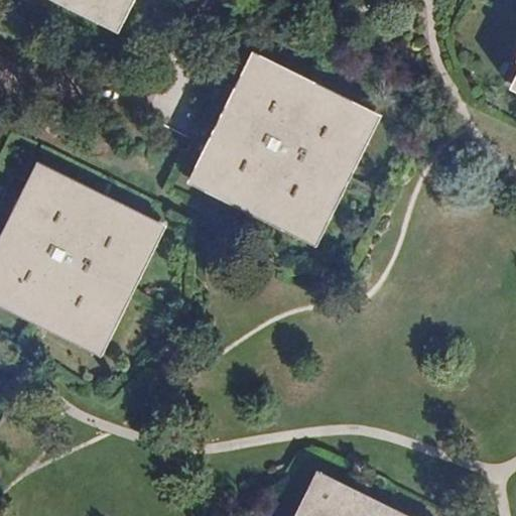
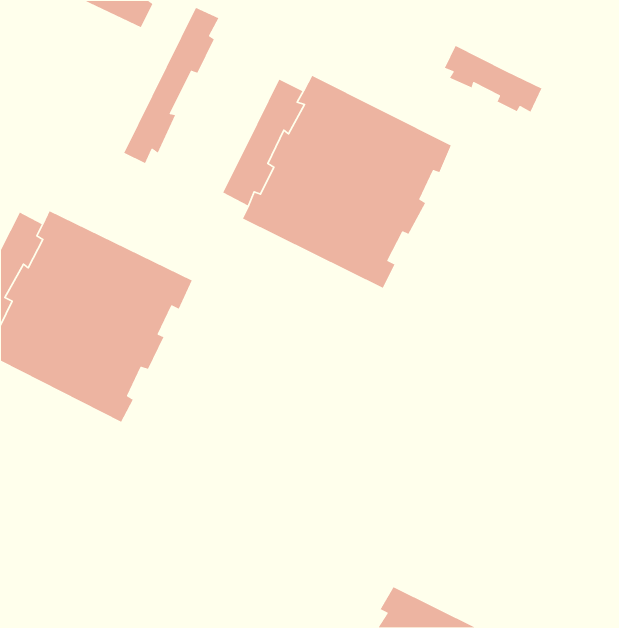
building: none -> [123,7,220,164]
building: none -> [444,45,542,113]

